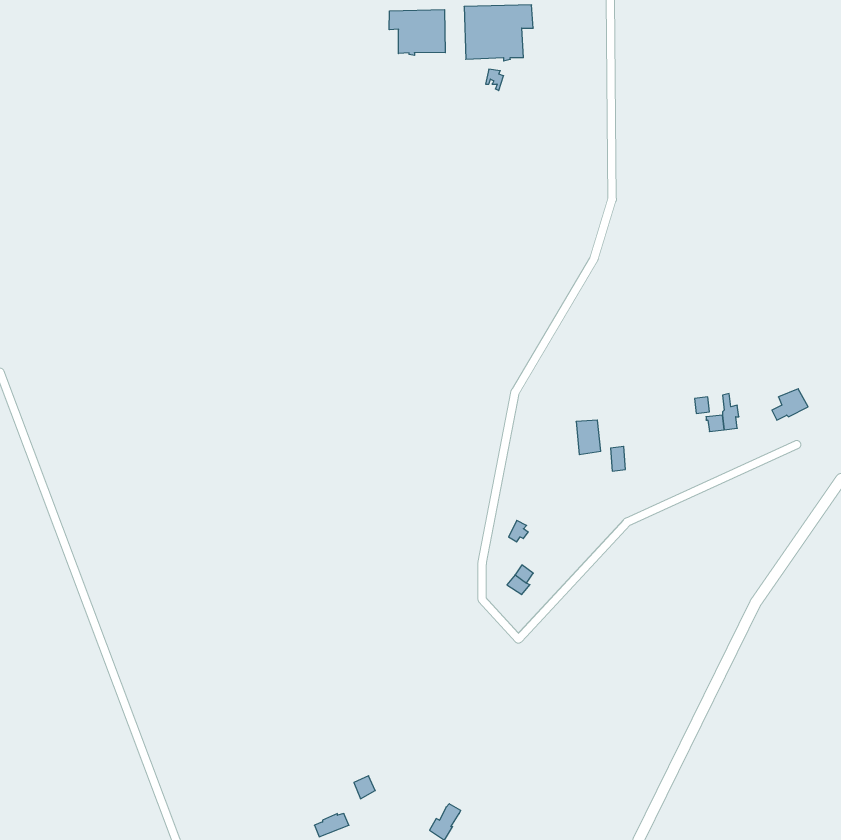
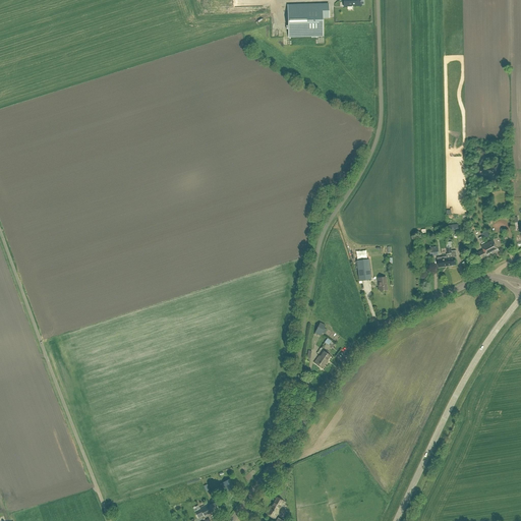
building: [389,10,445,55] -> none

